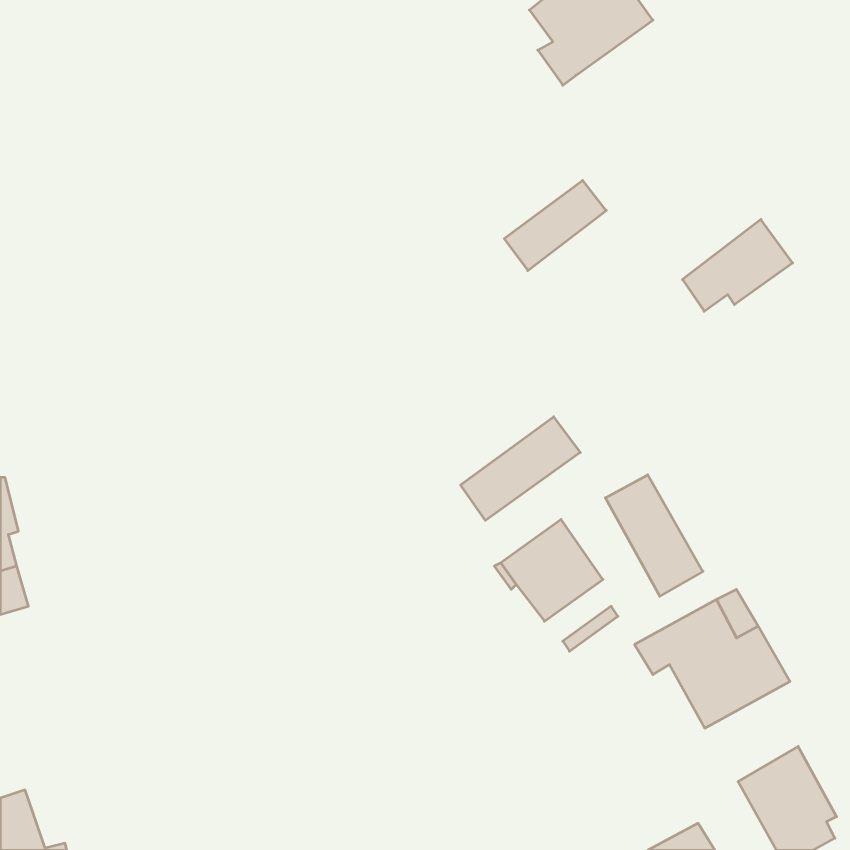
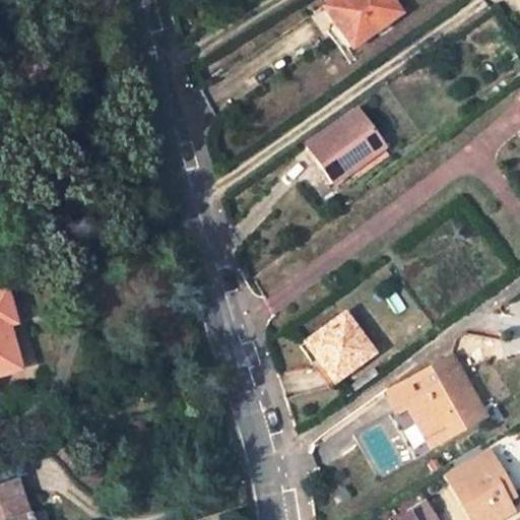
building: [682,219,793,311] -> [323,128,390,184]
building: [461,417,580,520] -> none
building: [605,475,703,596] -> none

